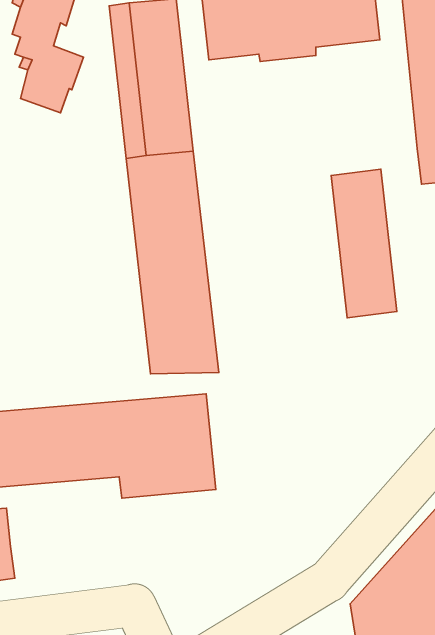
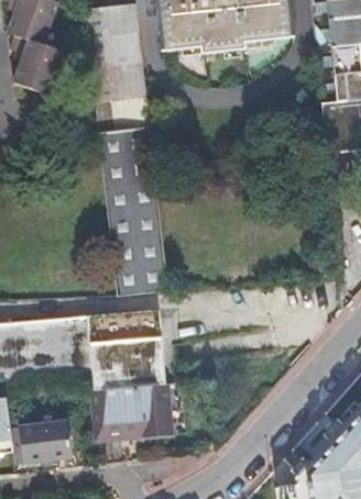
building: [331,169,397,318] -> none
building: none -> [95,384,172,435]
building: none -> [9,422,69,463]

